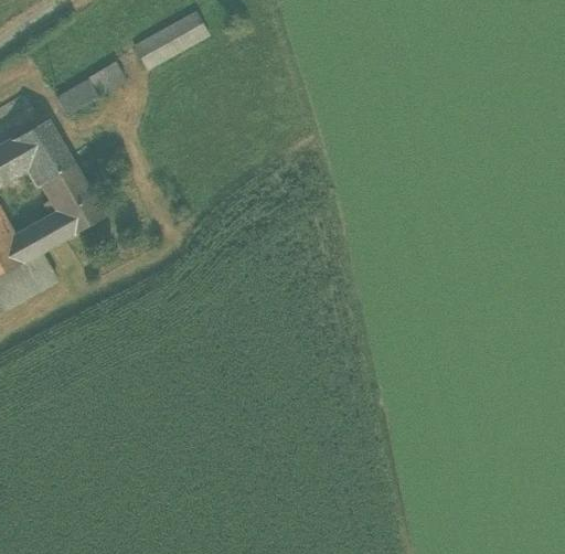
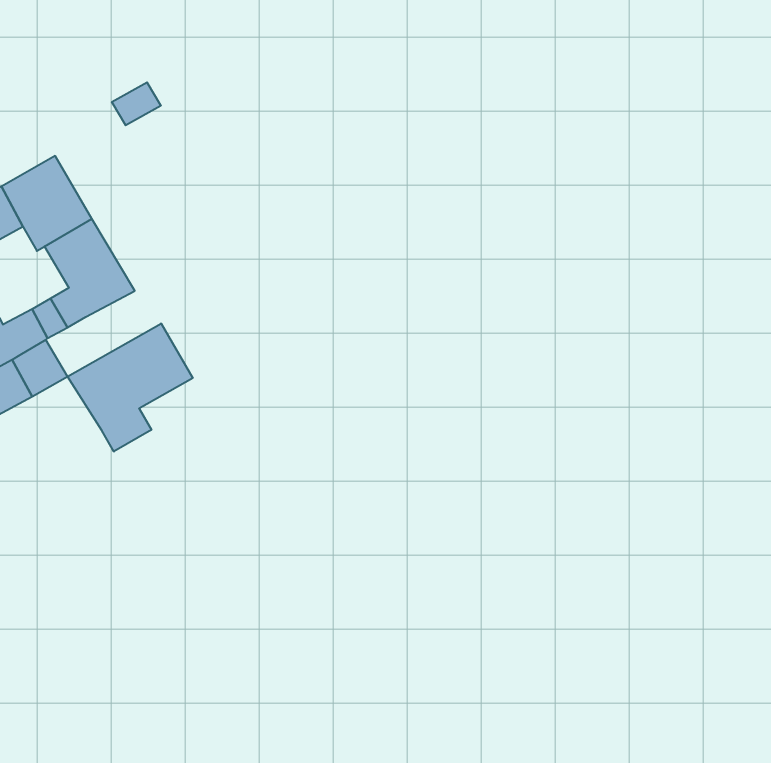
building: [128,14,206,76] -> none
building: [56,76,98,111] -> none
building: none -> [67,323,193,452]

